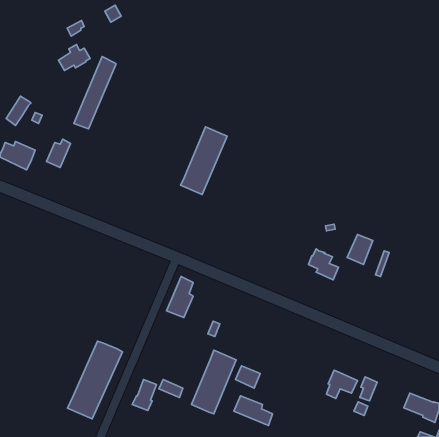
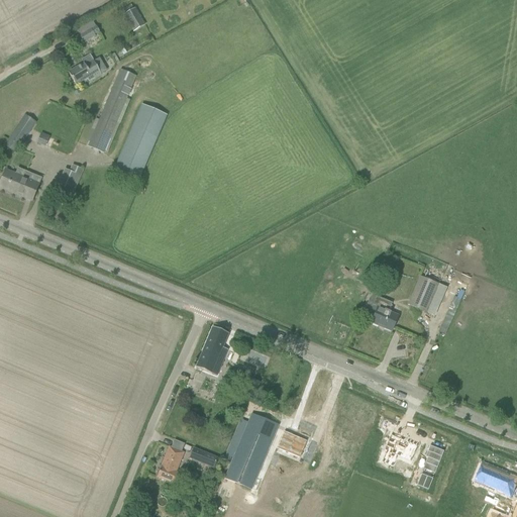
building: [181,127,227,195] -> [112,103,167,183]
building: [68,341,122,419] -> none
building: [234,396,272,426] -> none

